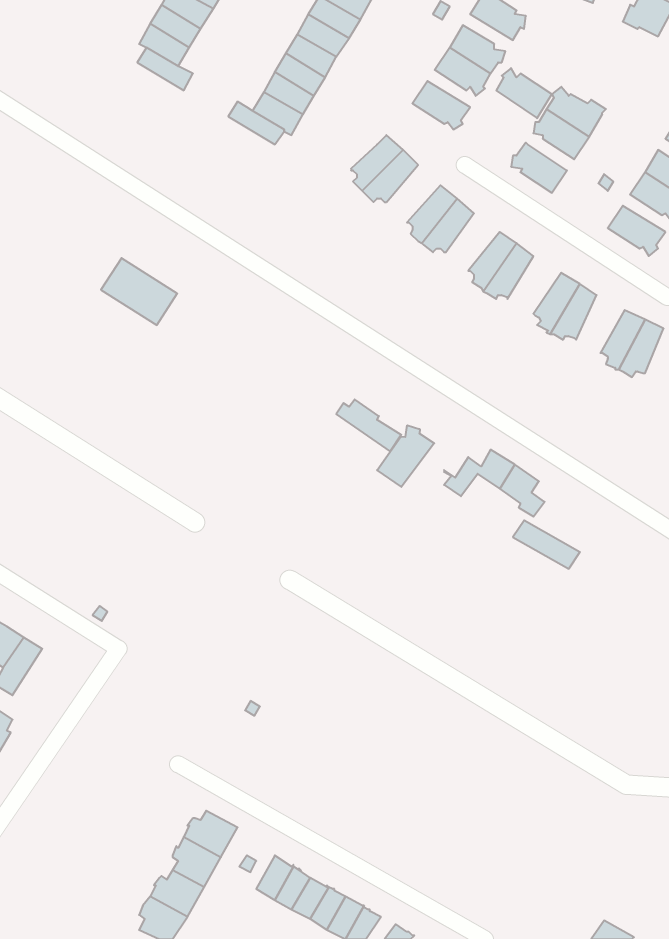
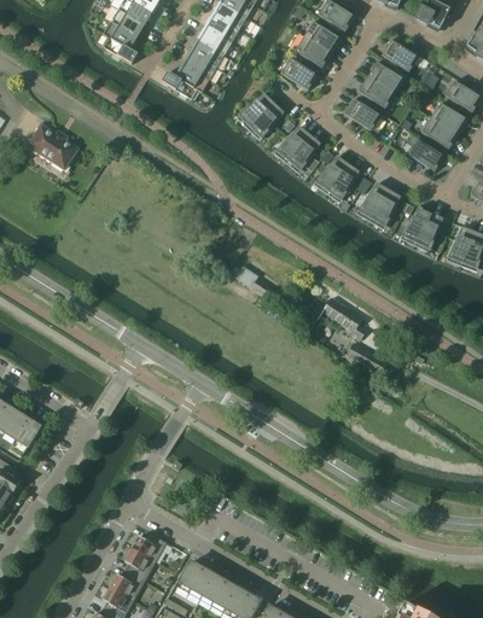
building: [496,68,552,118] -> [382,39,418,71]
building: [101,258,177,325] -> [28,124,77,168]
building: [377,425,434,487] -> none

